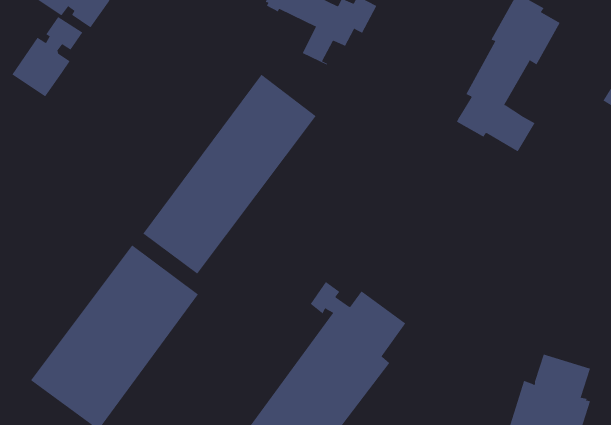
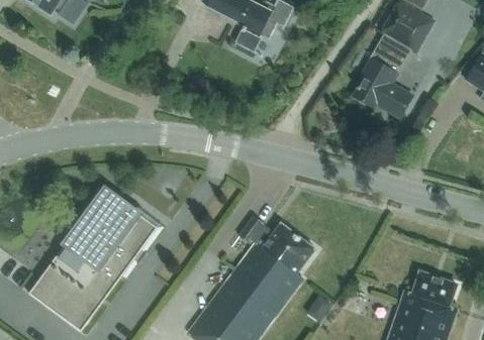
building: [12,16,83,97] -> none
building: [142,74,316,275] -> none

